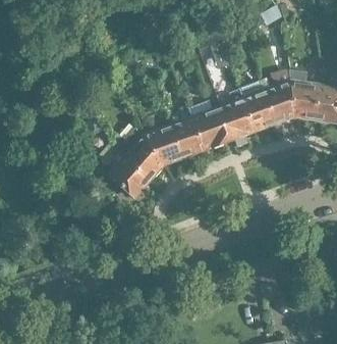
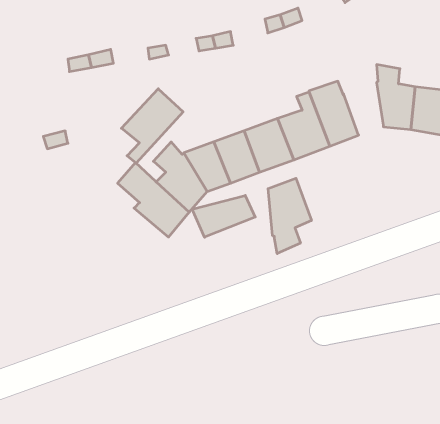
building: [265,84,294,122] -> none
building: none -> [121,89,183,163]
building: none -> [268,178,311,254]
building: none -> [192,195,255,237]

